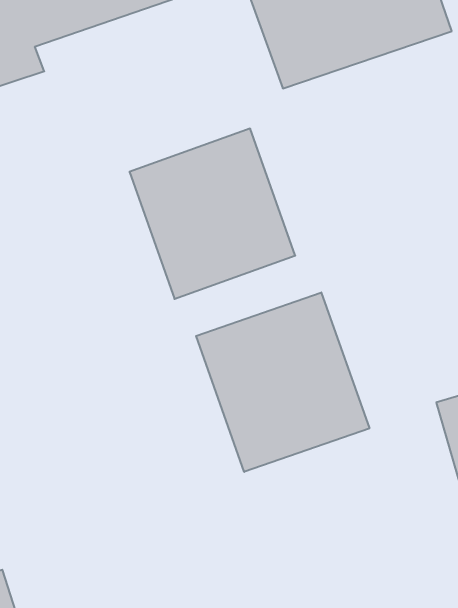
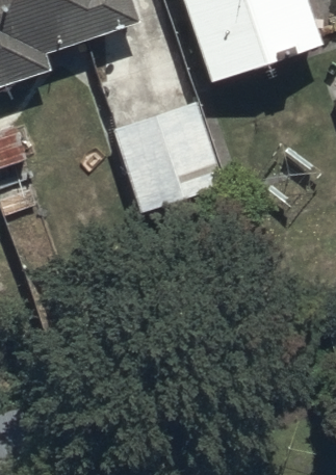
building: [196,292,369,472] -> none

